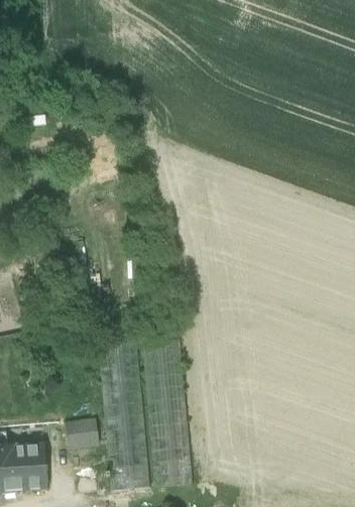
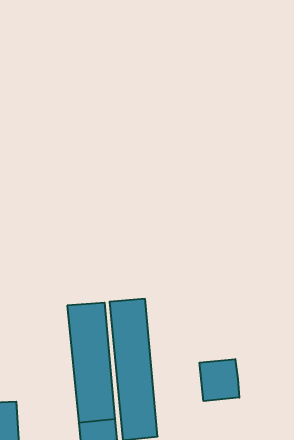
building: none -> [200,359,239,401]
building: [63,418,97,448] -> none

